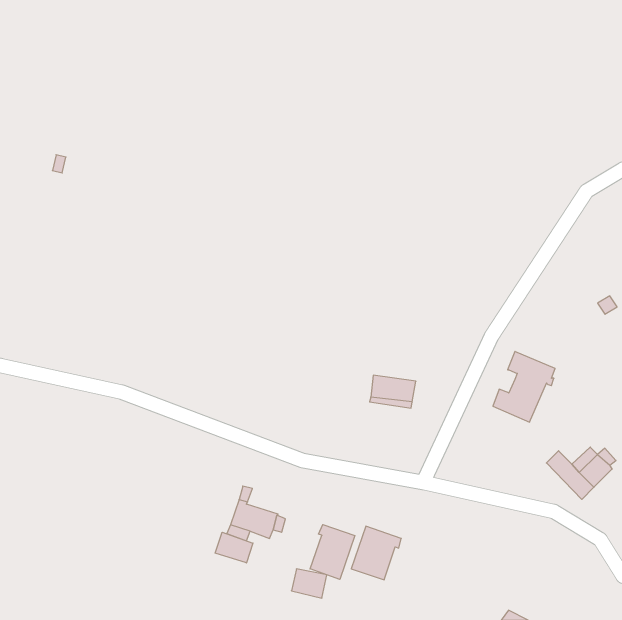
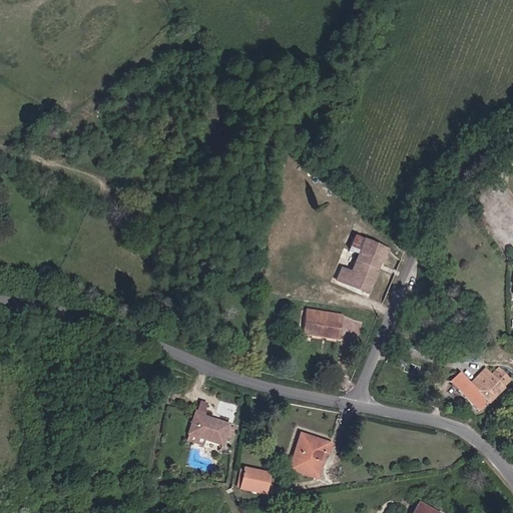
building: [493,351,555,422] -> [339,234,390,293]
building: [310,525,355,579] -> none
building: [215,532,253,563] -> none

